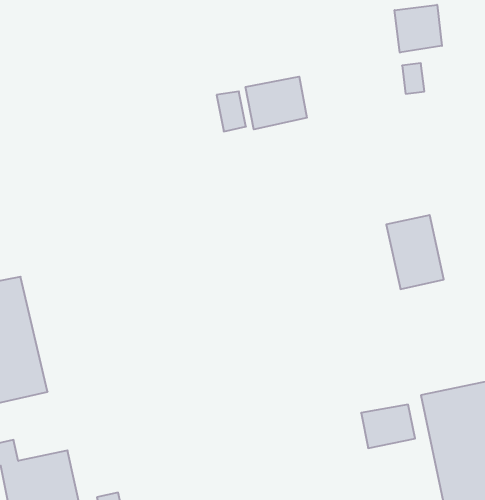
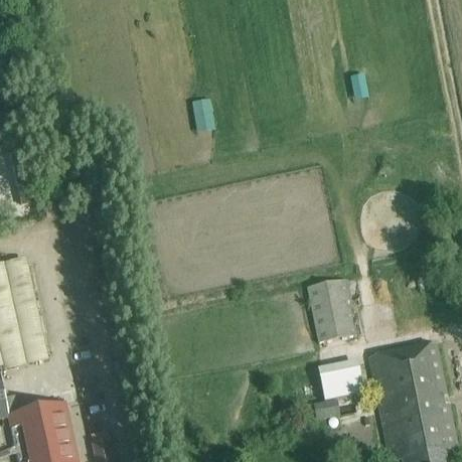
building: [395,5,442,53] -> none
building: [246,77,307,129] -> none
building: [386,215,444,289] -> [306,281,355,344]

